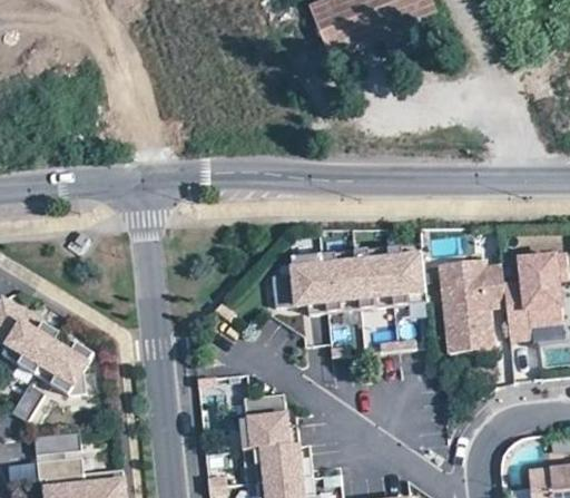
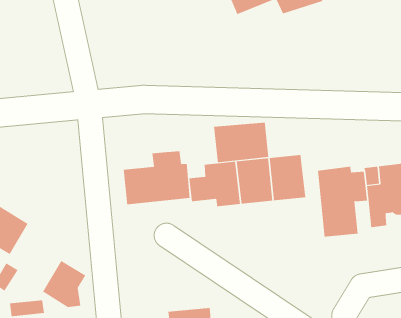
building: none -> [214,122,269,163]
building: none -> [123,150,190,205]
building: [35,334,92,397] -> [42,260,86,308]
building: [239,396,298,450] -> none

